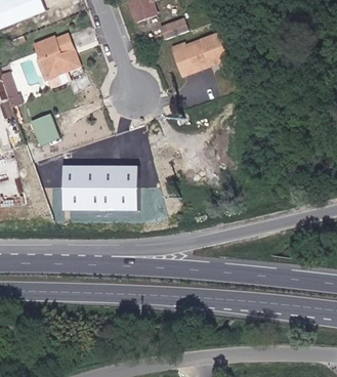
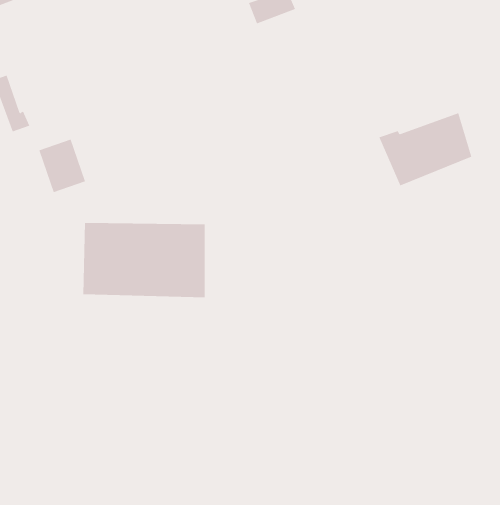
building: [35,32,82,79] -> none
building: [171,32,229,78] -> [379,112,472,186]

